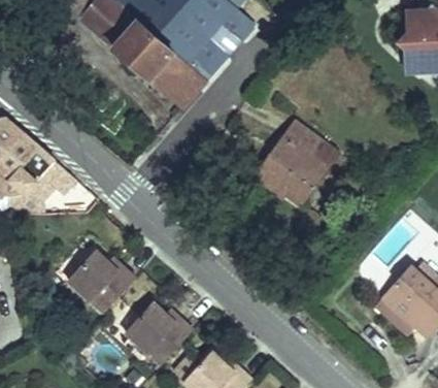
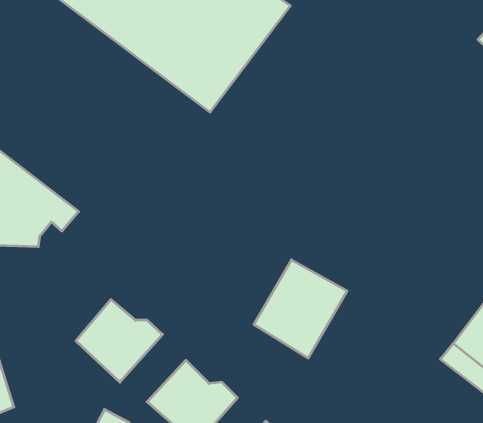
building: [257,123,331,201] -> [254,260,347,358]

